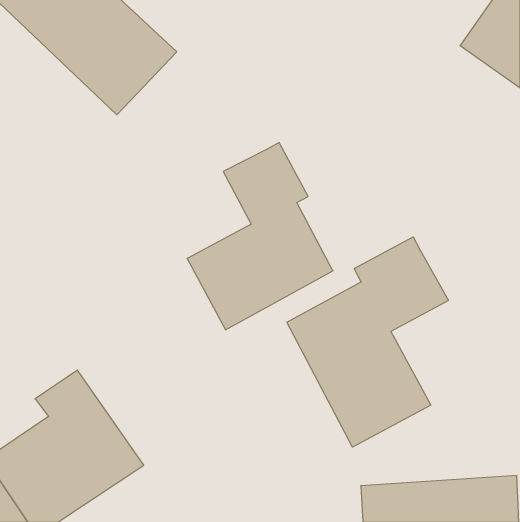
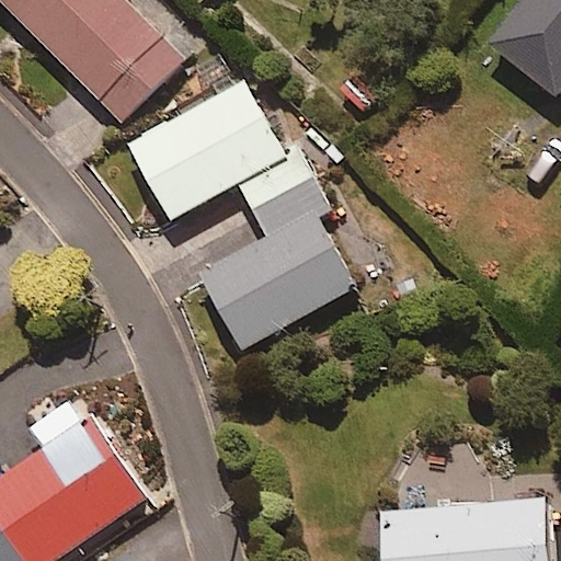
building: none -> [128,82,284,219]
building: [287,237,448,447] -> none

